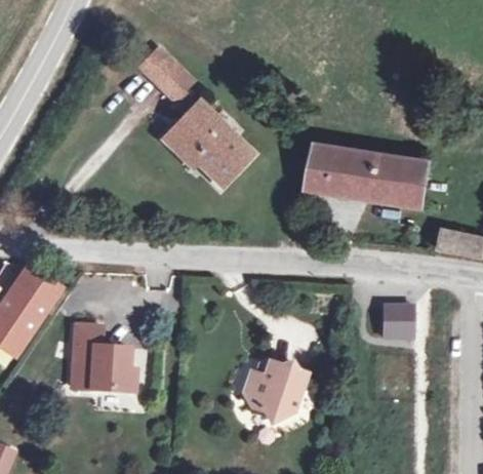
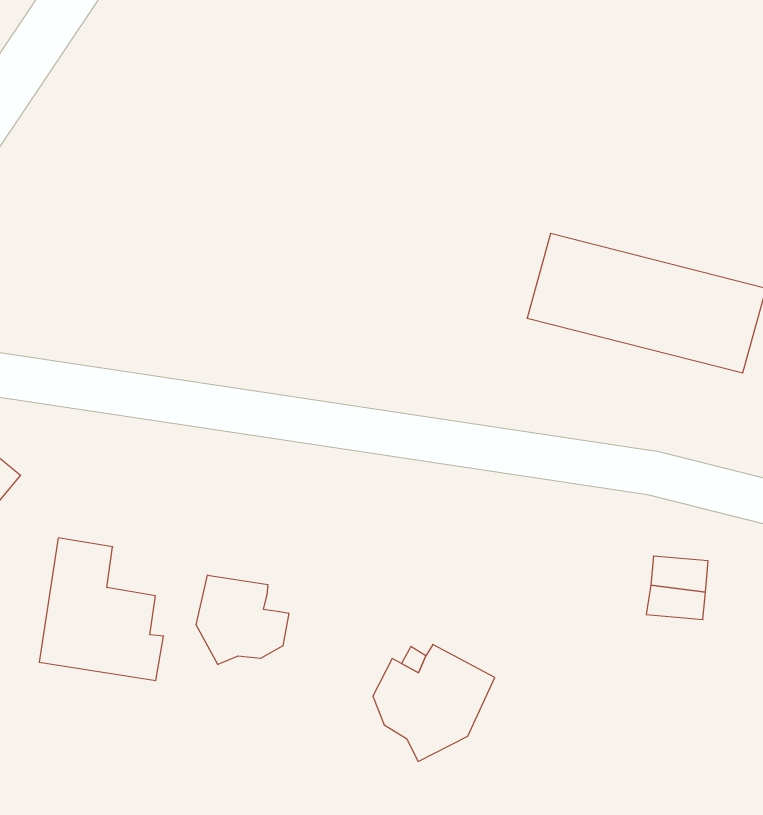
building: [142,49,253,182] -> none
building: none -> [196,575,289,665]

